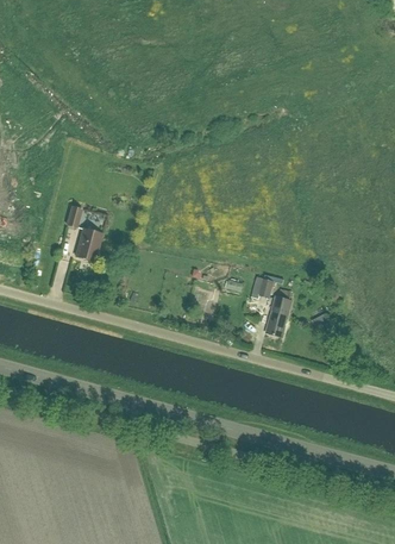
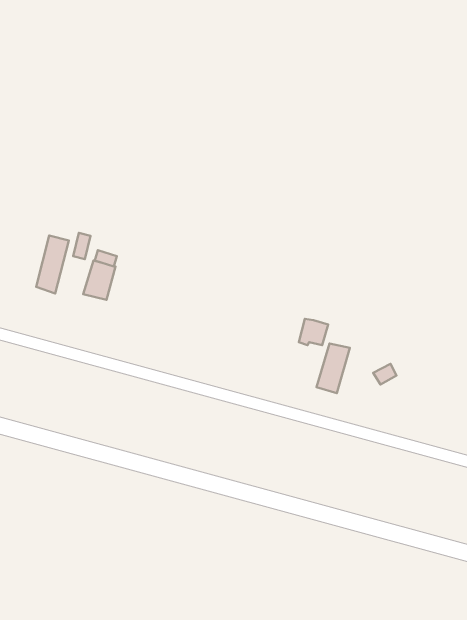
building: none -> [36,235,69,294]

